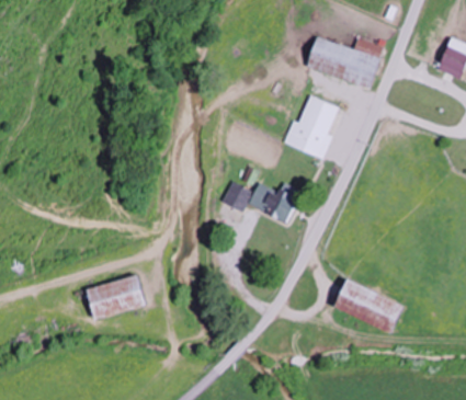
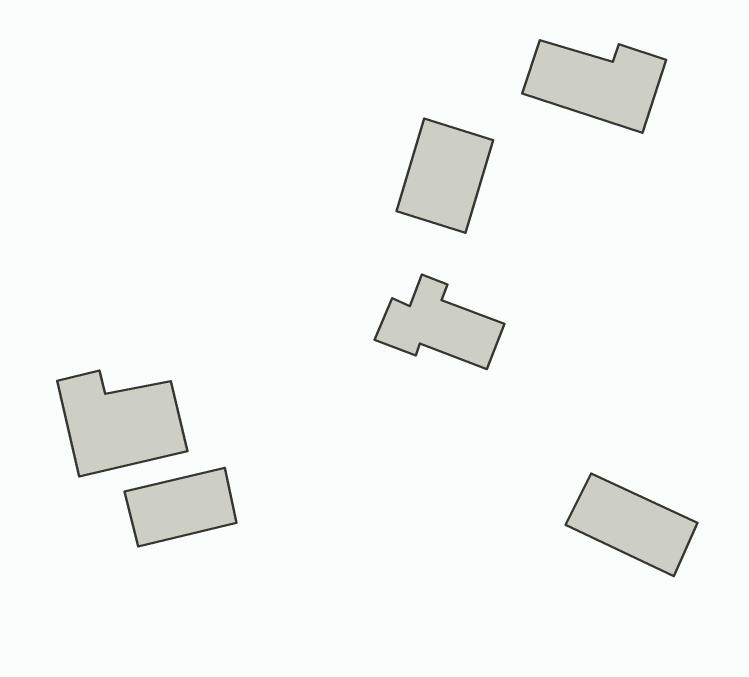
building: [288,95,342,159] -> [397,118,493,233]
building: none -> [57,371,188,477]

